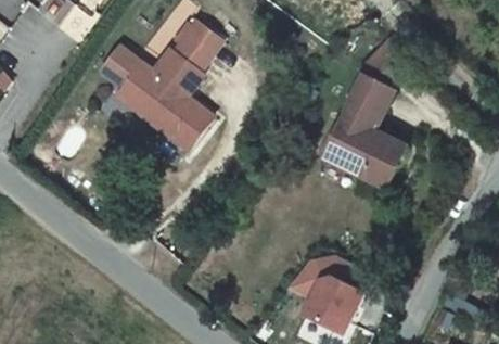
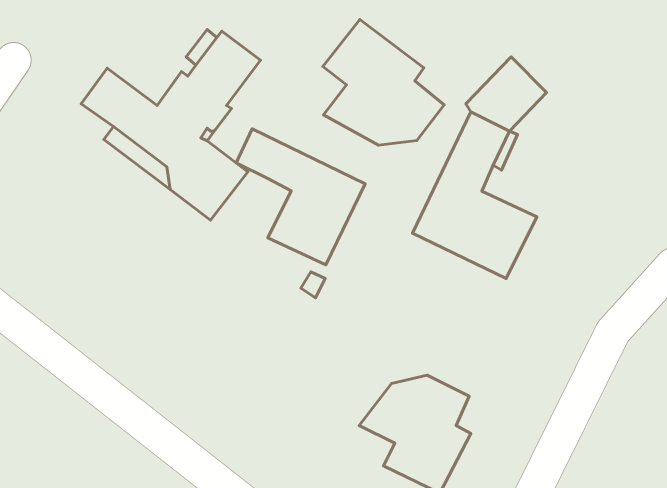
building: none -> [323,20,444,145]
building: none -> [236,129,365,265]

